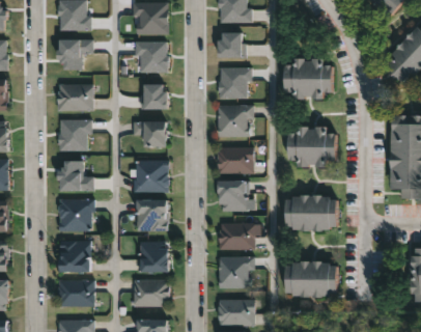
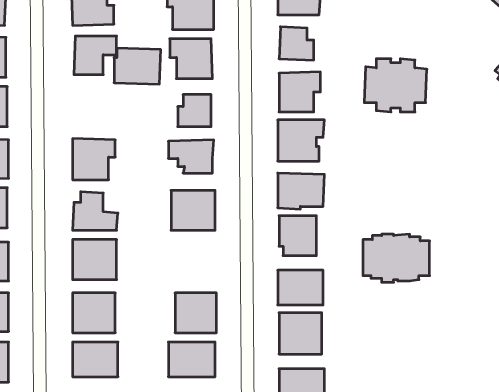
building: [58,84,94,112] -> [114,48,161,84]
building: [288,127,336,167] -> none
building: [137,199,170,230] -> none
building: [284,261,336,299] -> none

